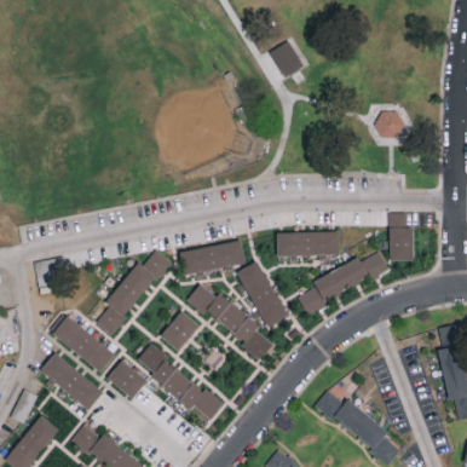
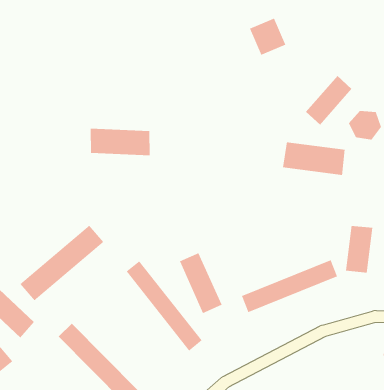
building: none -> [305,75,352,125]
building: [278,231,335,256] -> [282,142,346,176]
building: [180,246,240,275] -> [90,128,150,156]
building: [160,312,197,350] -> none
building: [108,362,145,397] -> none

